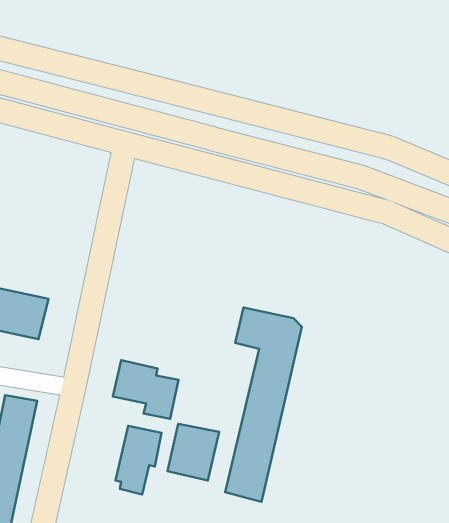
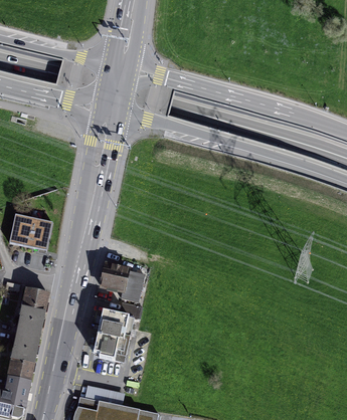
building: [225,307,302,502] -> none
building: [168,424,219,481] -> none

